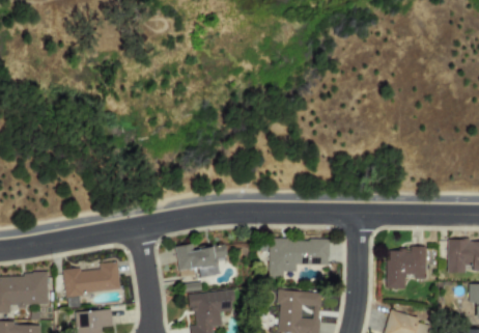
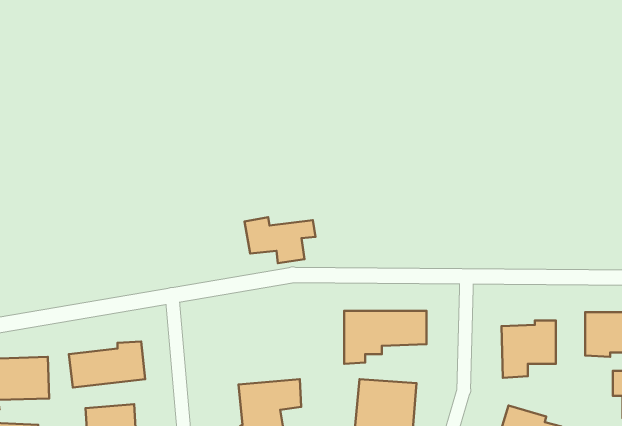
building: [175,244,228,278] -> [245,217,316,263]

